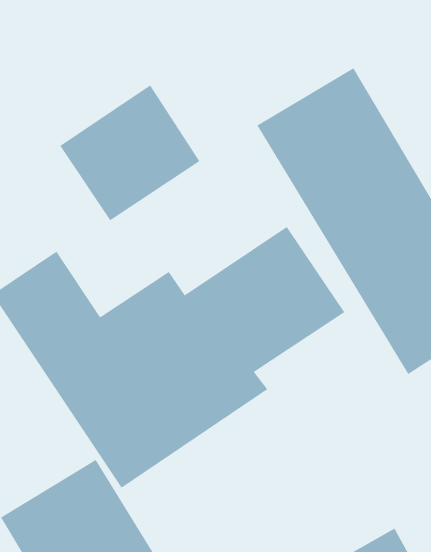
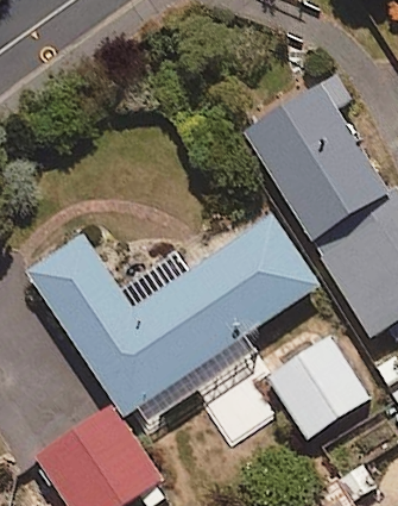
building: [59,84,200,221] -> none
building: none -> [265,335,367,438]

